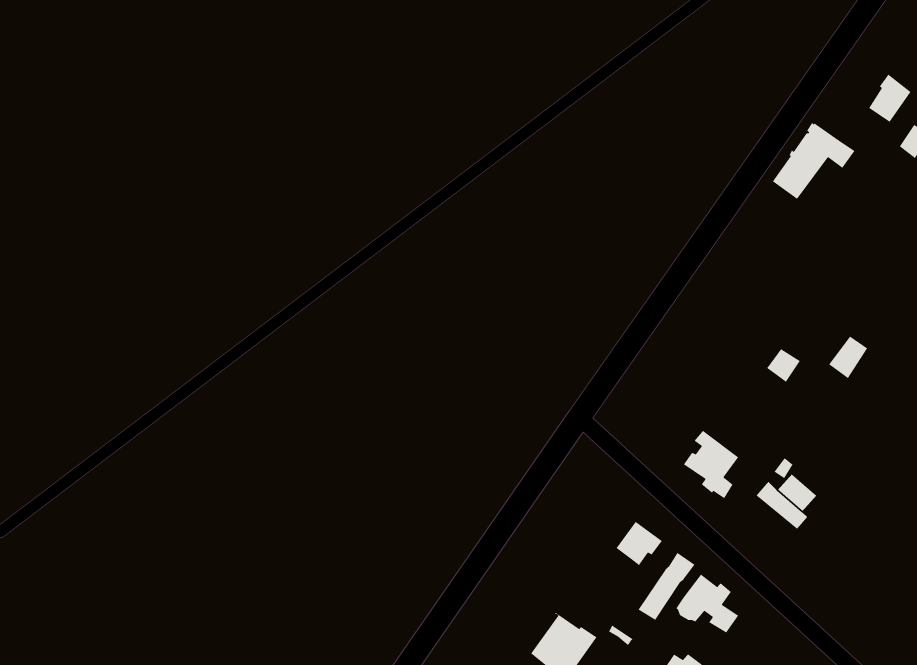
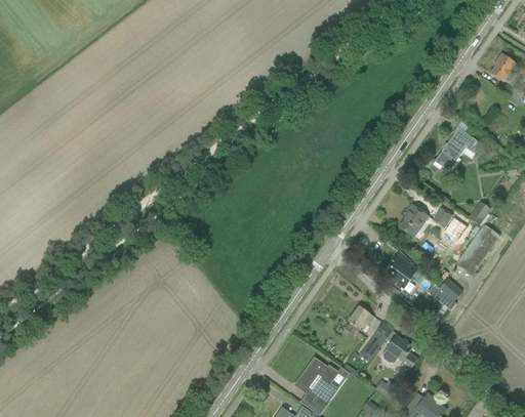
building: [772,122,855,200] -> [434,127,481,171]
building: none -> [399,204,428,237]
building: none -> [456,224,499,275]

